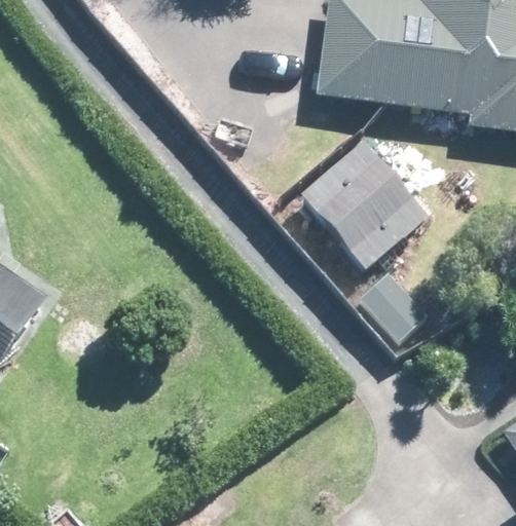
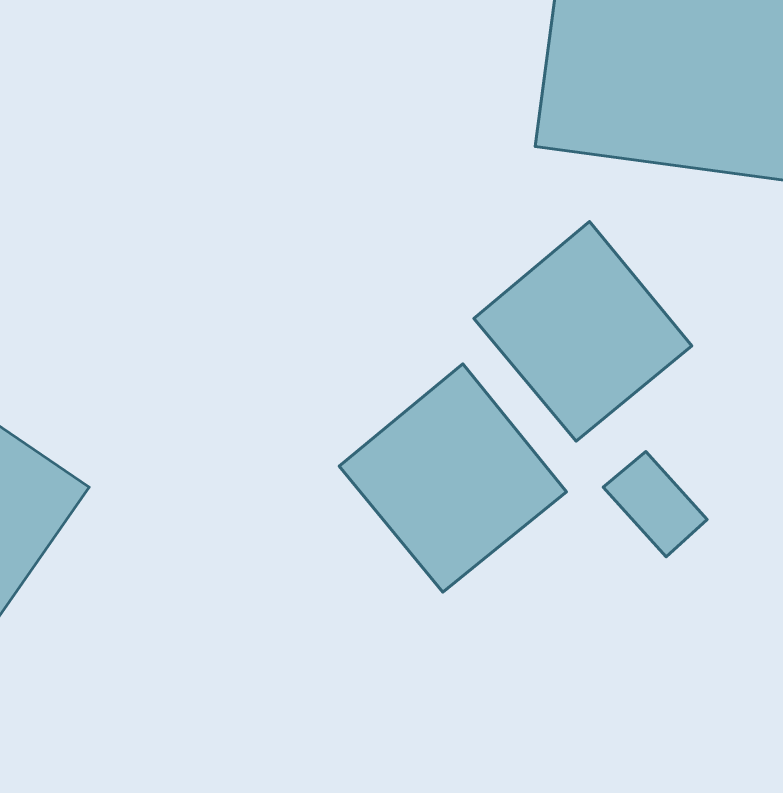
building: none -> [339,364,567,592]

